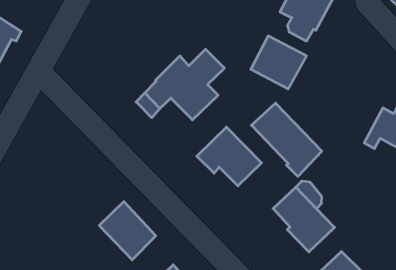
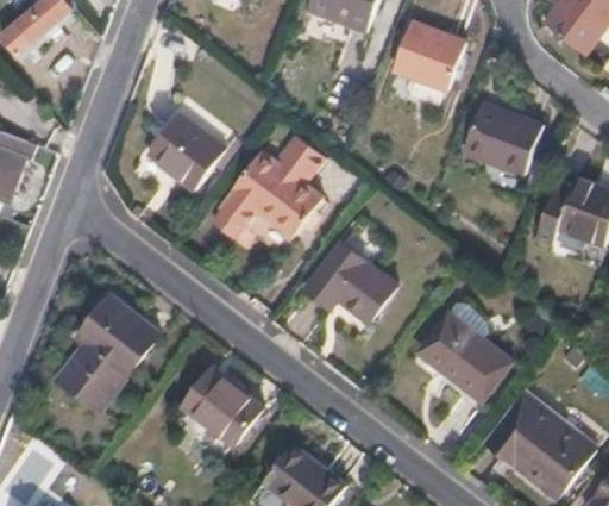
building: none -> [149,113,225,188]
building: [251,36,306,89] -> [465,102,540,173]
building: [251,103,322,176] -> none
building: none -> [58,296,157,410]

